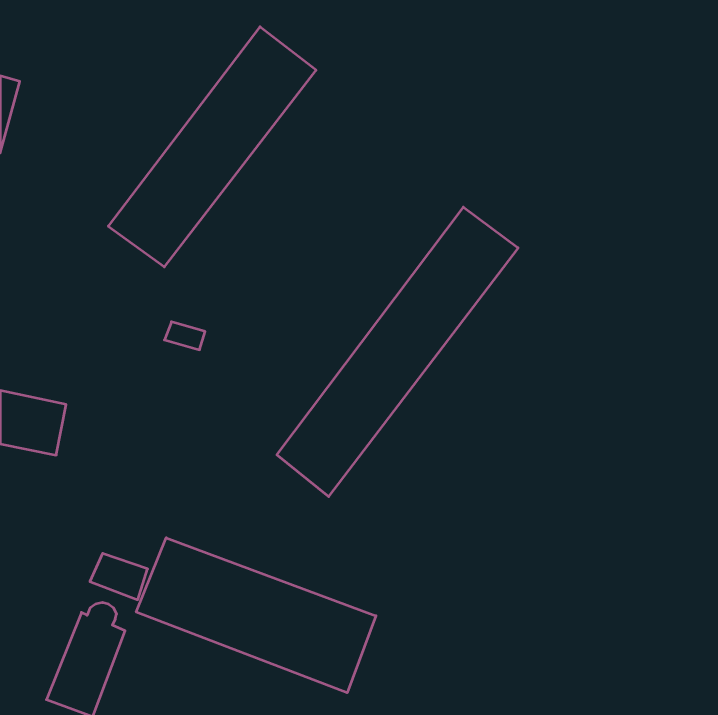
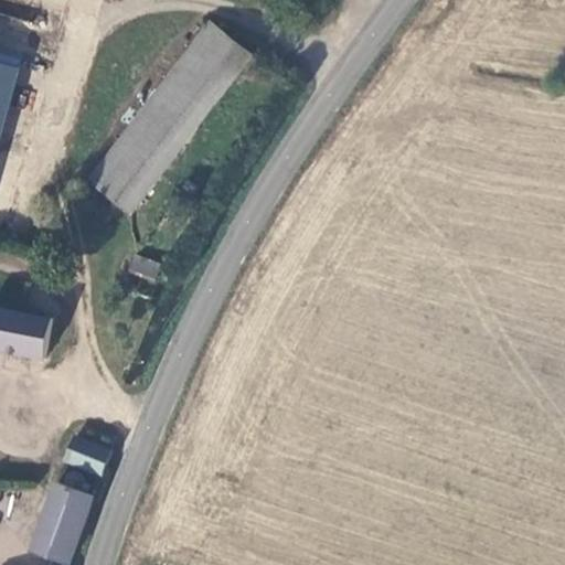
building: [277,207,518,497] -> none
building: [136,538,376,693] -> none

